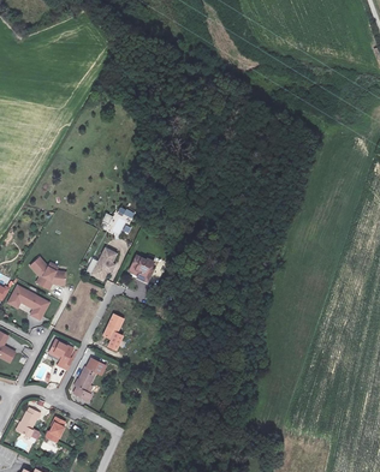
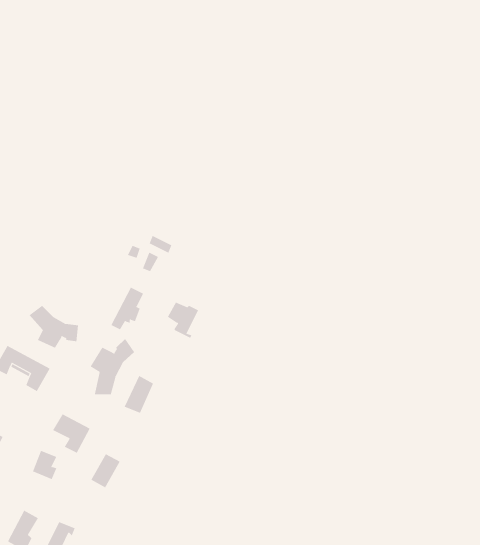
building: none -> [90,338,135,395]

